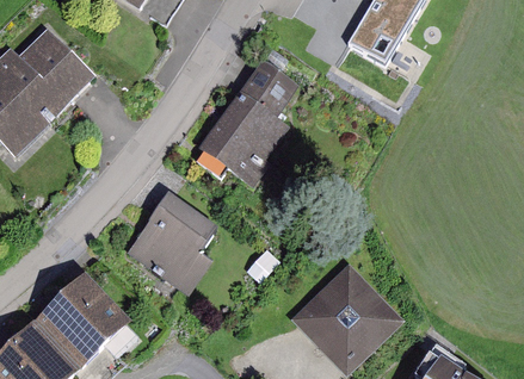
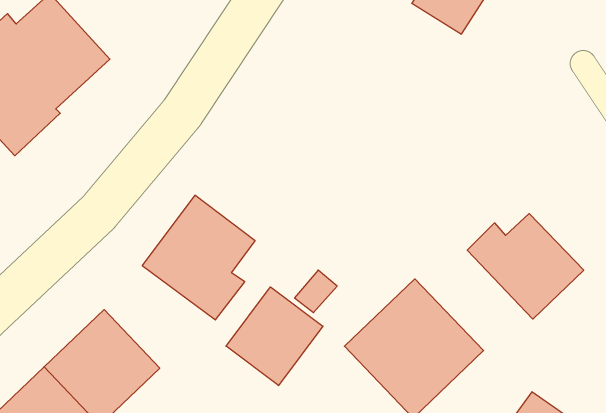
building: [201,68,297,190] -> none
building: none -> [467,214,584,319]
building: none -> [226,287,323,386]

